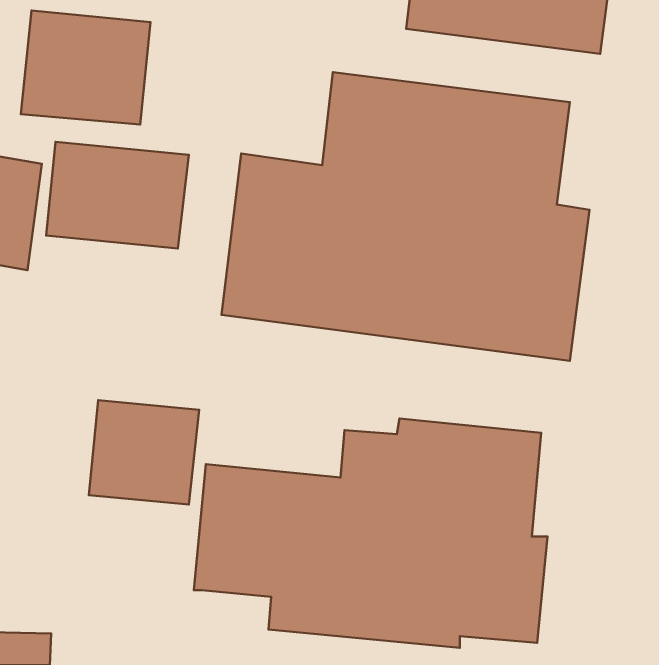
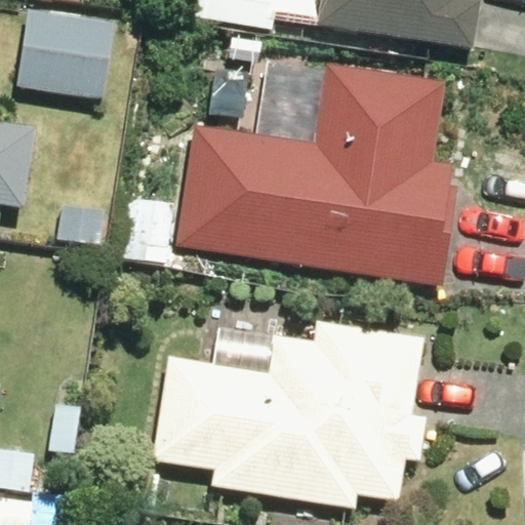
building: [46,142,189,248] -> none
building: [89,400,199,504] -> none

